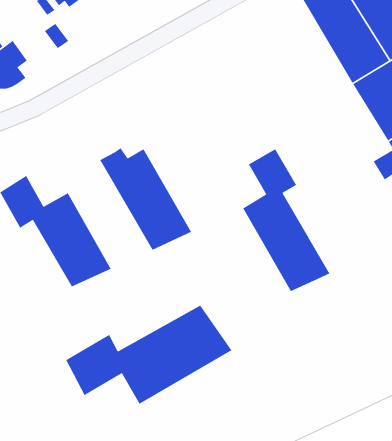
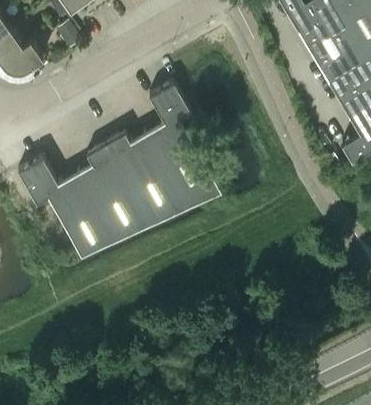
building: [242,148,331,292] -> [145,83,222,208]
building: none -> [79,145,152,240]
building: [65,305,233,405] -> none

